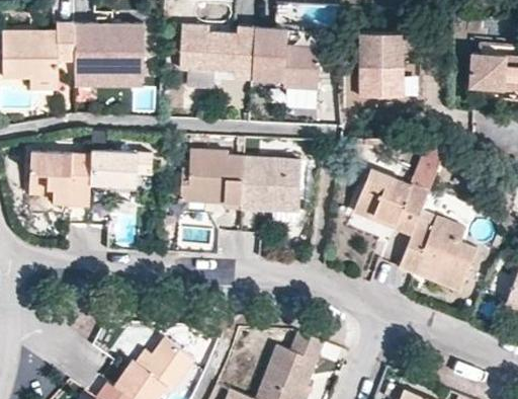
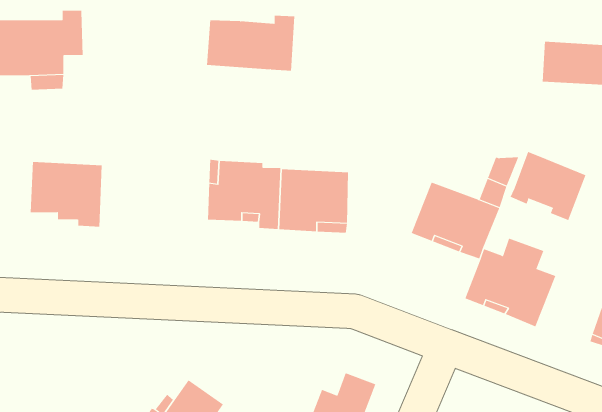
building: [75,23,145,83] -> none
building: [253,28,322,90] -> none
building: [355,30,399,94] -> none
building: none -> [510,151,586,221]
building: [91,152,154,186] -> none

